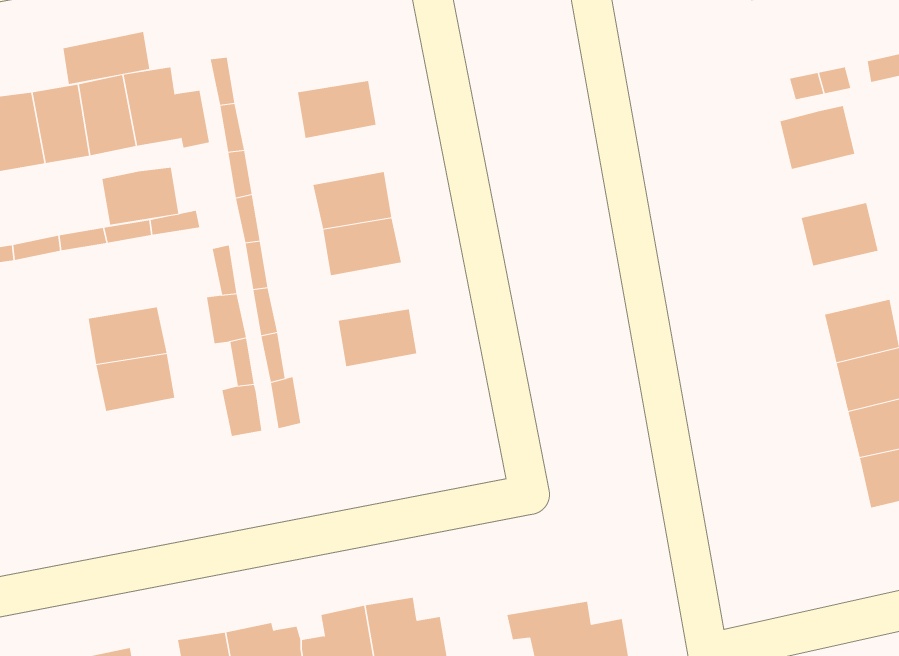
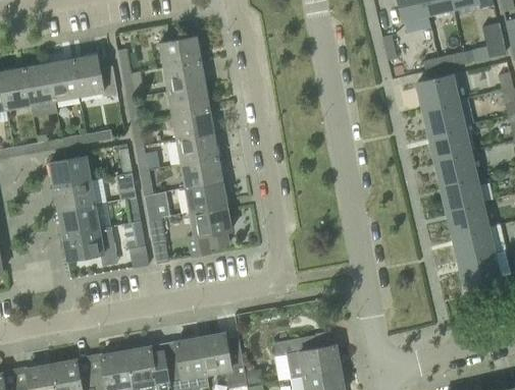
building: [63,31,150,85] -> none
building: none -> [160,36,202,67]
building: none -> [168,85,210,116]
building: none -> [424,100,464,133]
building: [102,167,179,225] -> [50,156,91,186]
building: none -> [435,151,476,184]
building: none -> [182,157,223,187]
building: none -> [188,205,231,257]
building: none -> [63,226,116,260]

